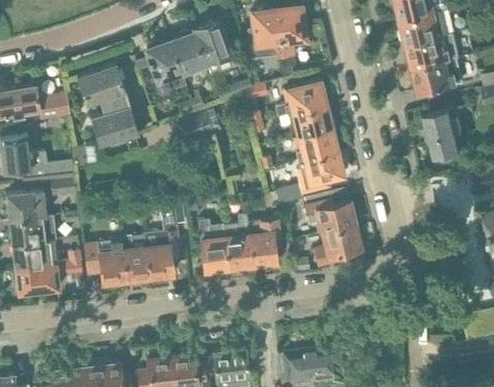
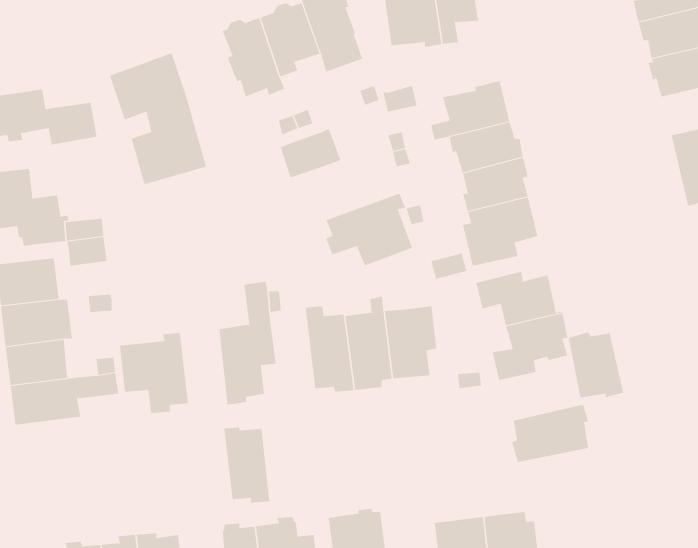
building: none -> [325,193,413,266]
building: [121,235,150,283] -> [224,425,270,503]
building: none -> [568,332,624,399]
building: none -> [511,404,589,463]

